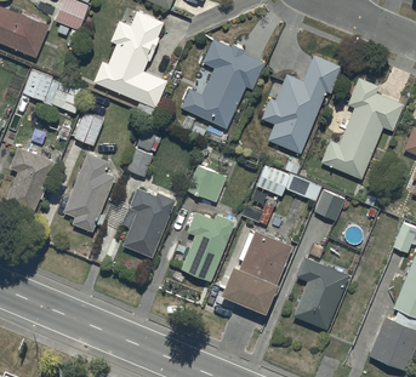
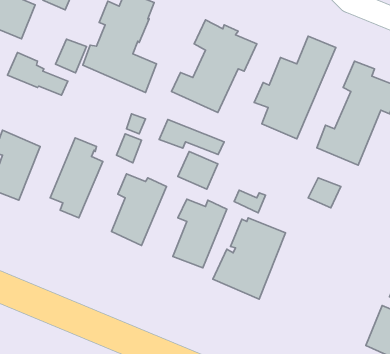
building: [75,113,106,145] -> [55,39,87,73]
building: [258,166,321,200] -> [159,119,224,155]
building: [294,256,351,329] -> none

